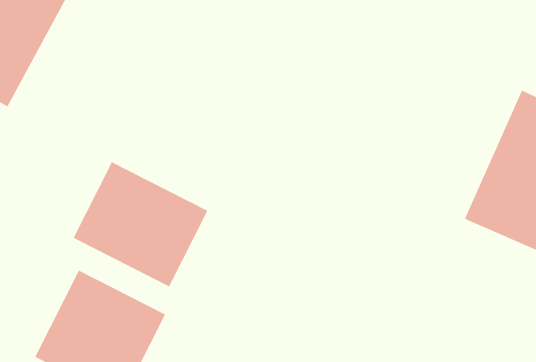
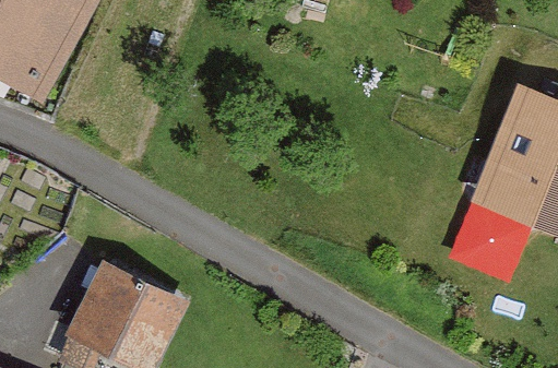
building: [73,161,208,287] -> none

